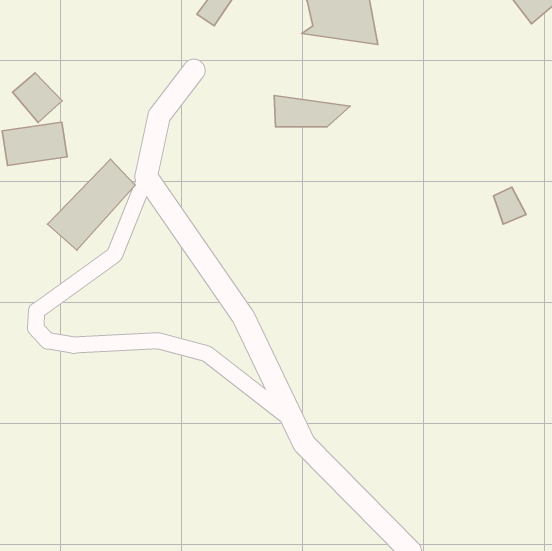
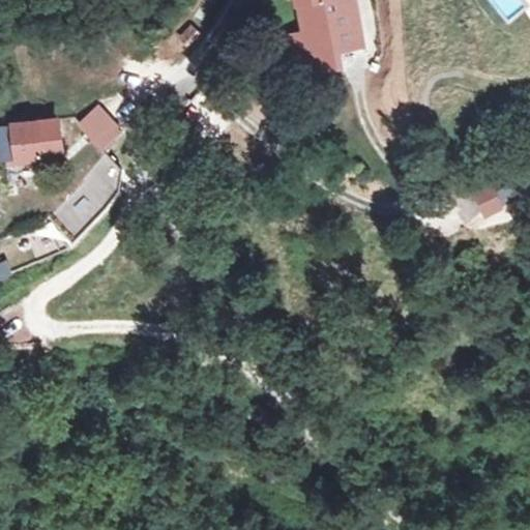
building: [12,73,62,123] -> [78,101,125,149]
building: [274,95,350,127] -> [290,32,362,62]

